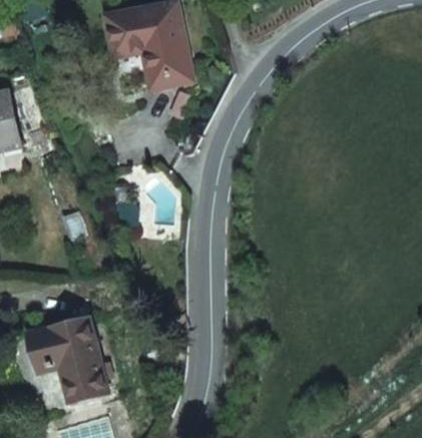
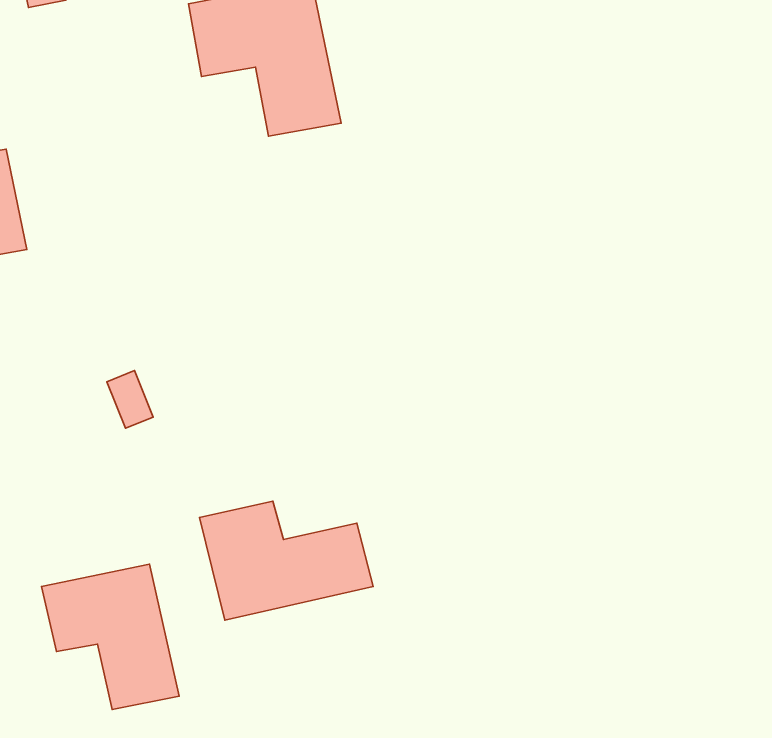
building: none -> [200,501,373,620]

